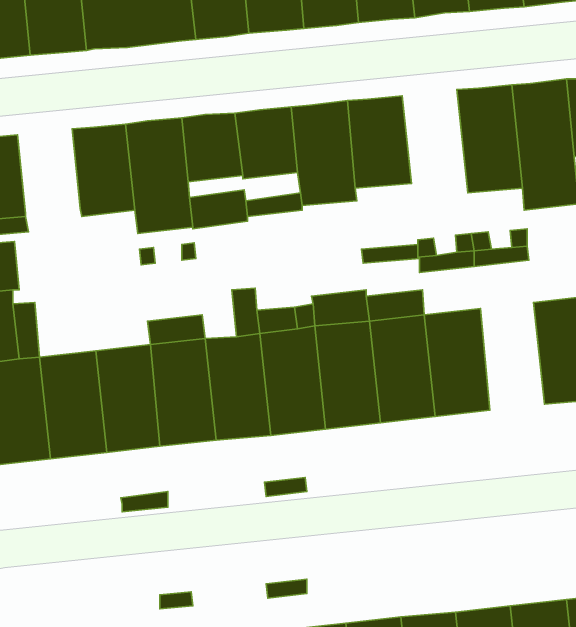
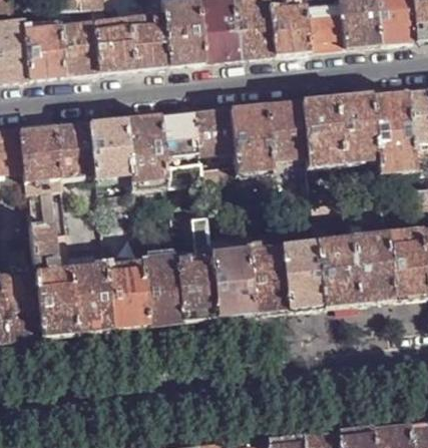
building: none -> [302,97,344,167]
building: none -> [55,122,94,176]
building: none -> [352,234,393,303]

